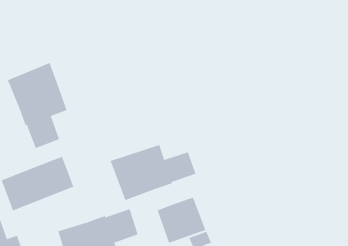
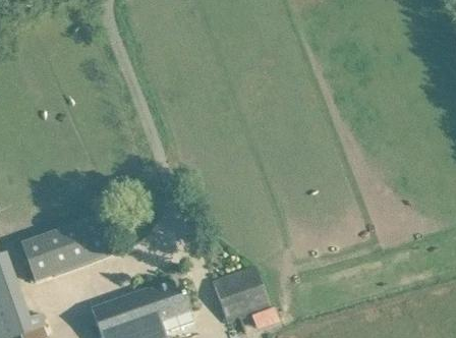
building: [7,62,67,149] -> none
building: [110,144,196,201] -> none

